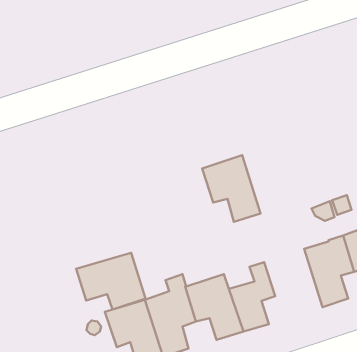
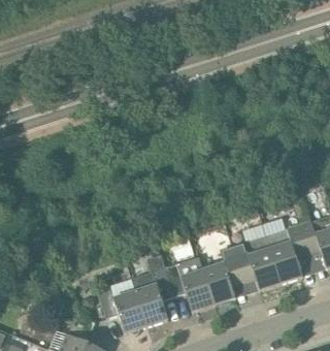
building: [202,155,261,222] -> [231,235,280,292]
building: [76,253,146,310] -> none

